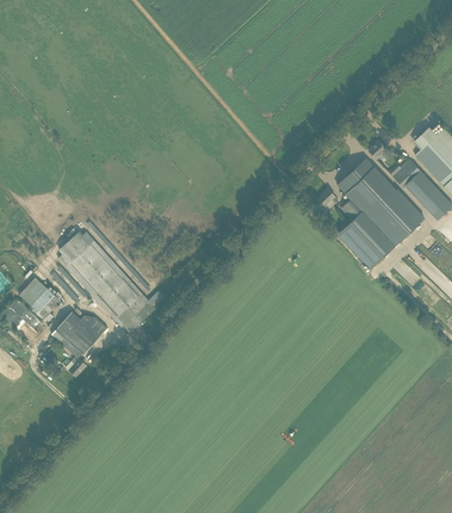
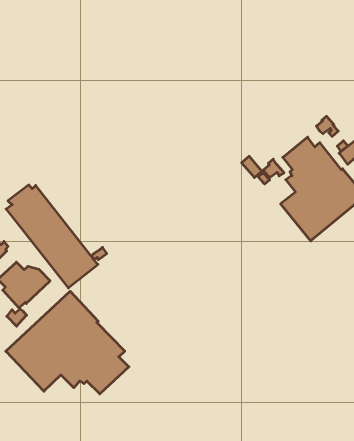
building: none -> [6,291,129,394]

